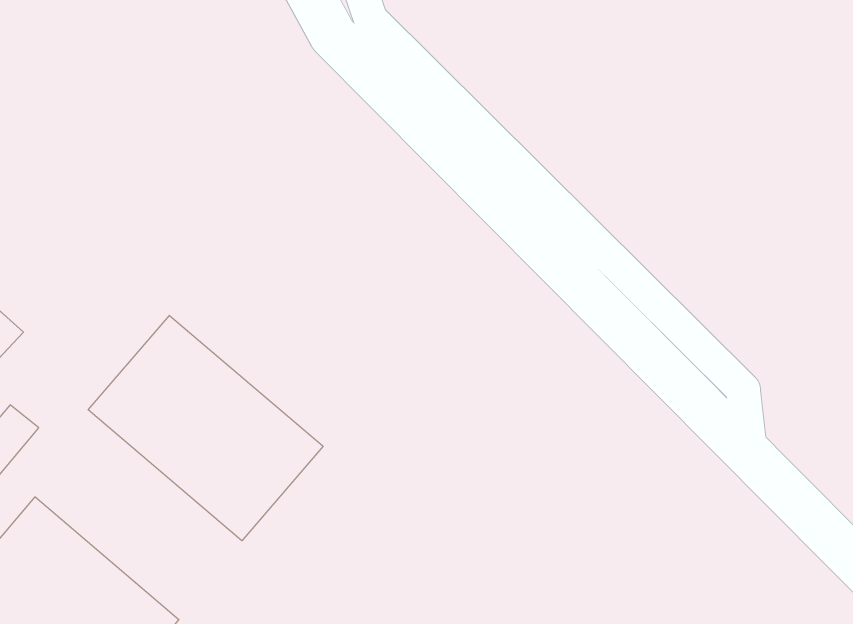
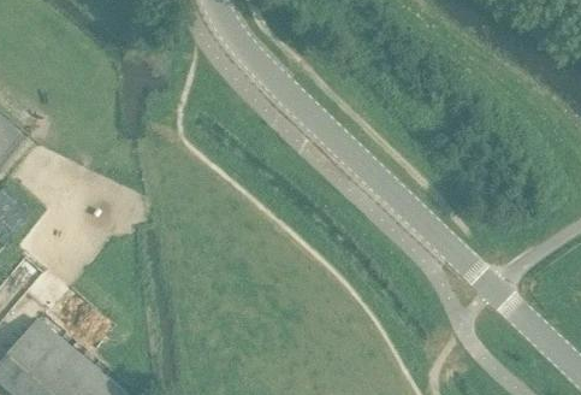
building: [88,315,323,541] -> none

